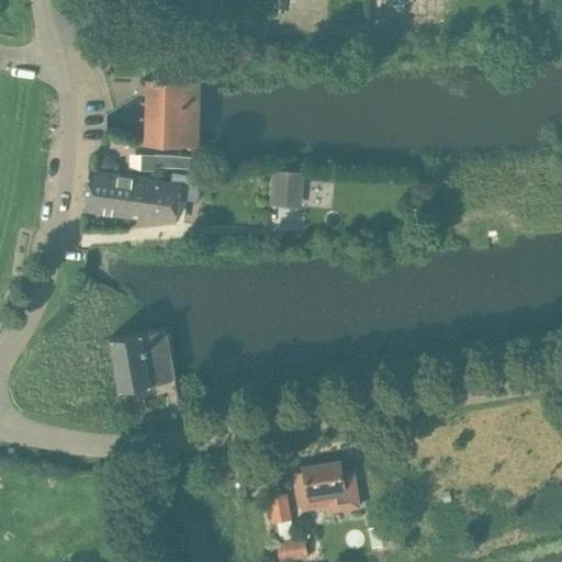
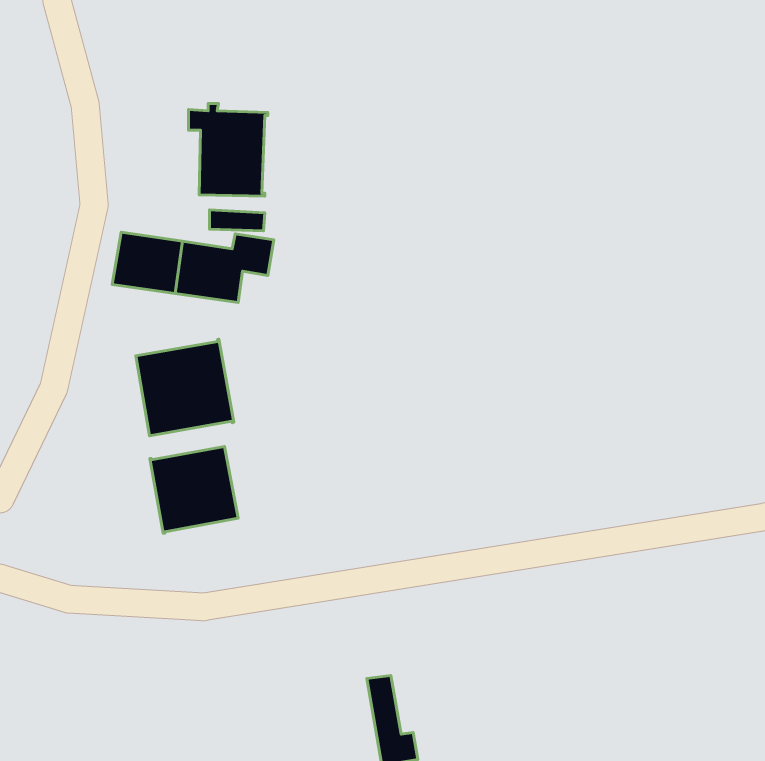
building: [273,176,304,205] -> none
building: none -> [136,339,234,436]
building: [296,464,360,515] -> none

